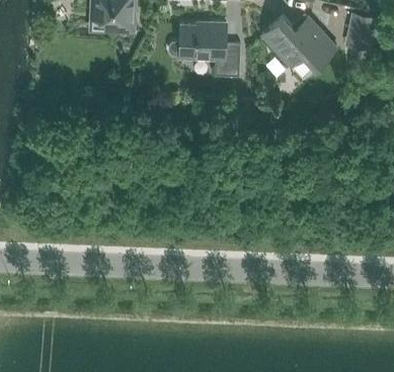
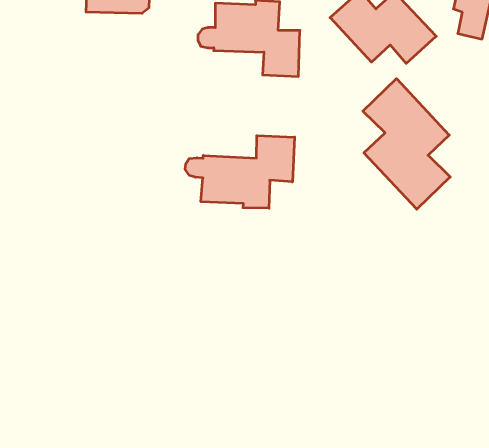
building: none -> [363,79,450,209]
building: none -> [185,136,295,208]

